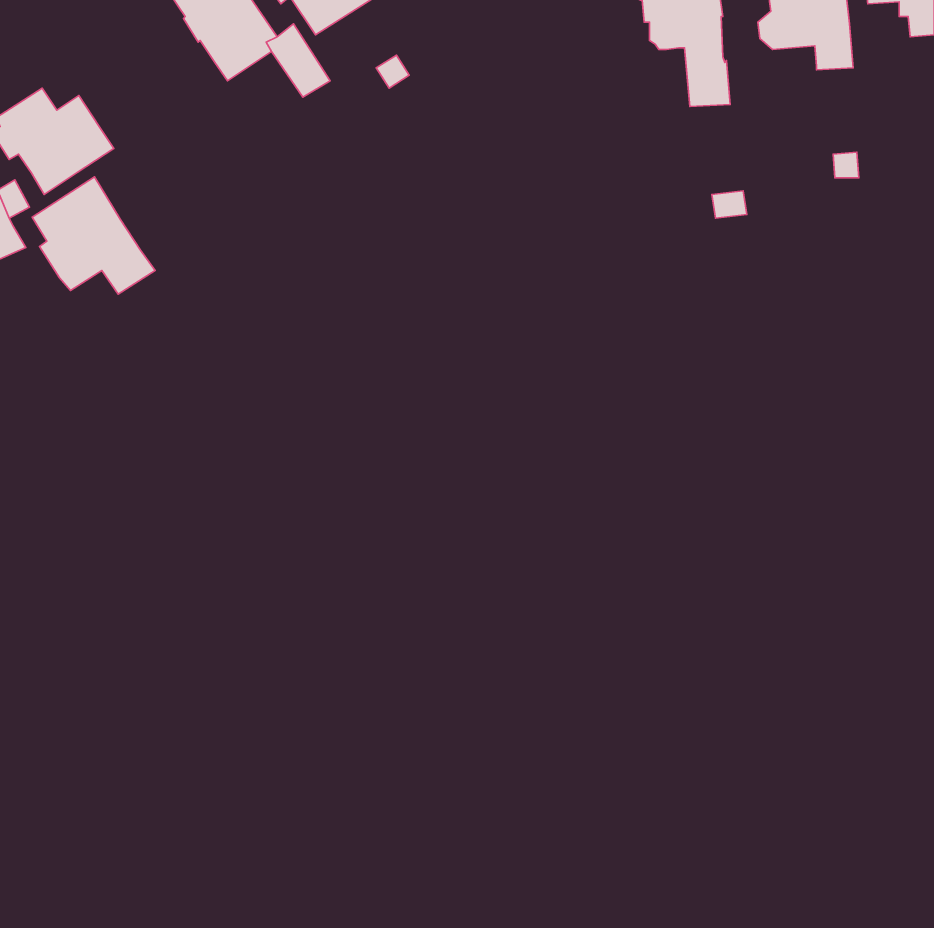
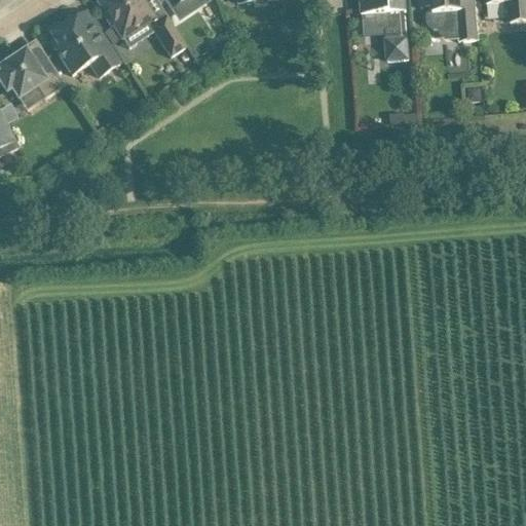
building: [32,177,155,294] -> [49,9,118,75]

